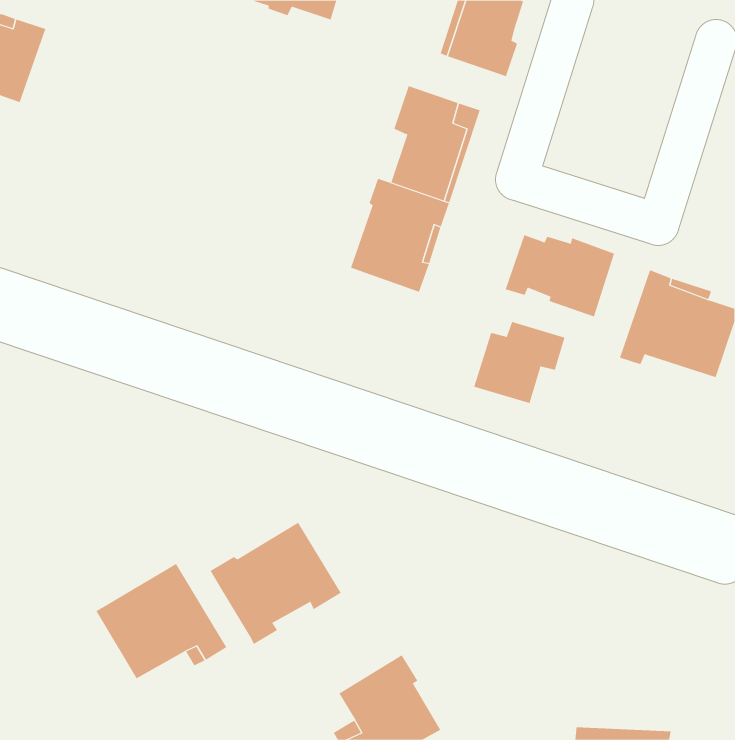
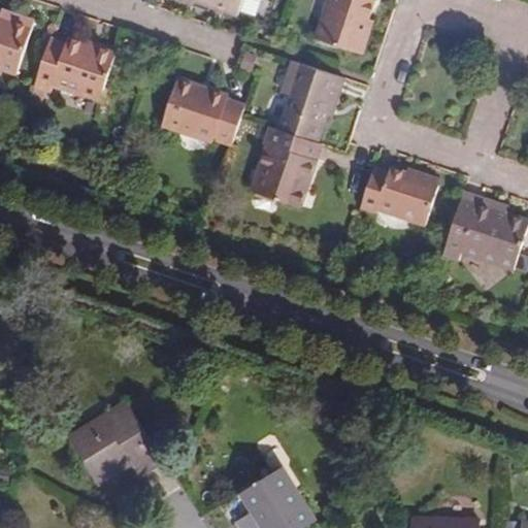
building: none -> [33,38,113,99]
building: none -> [161,79,243,144]
building: [473,321,565,404] -> none
building: [210,522,342,645] -> none

